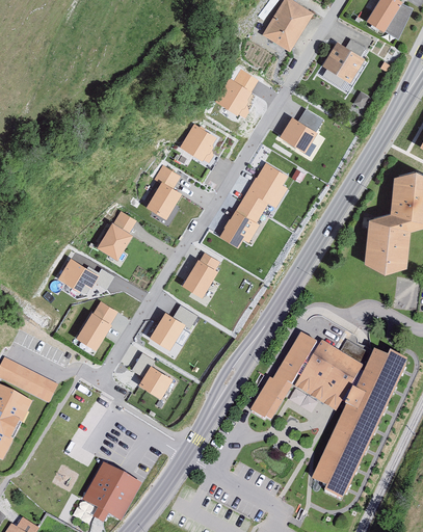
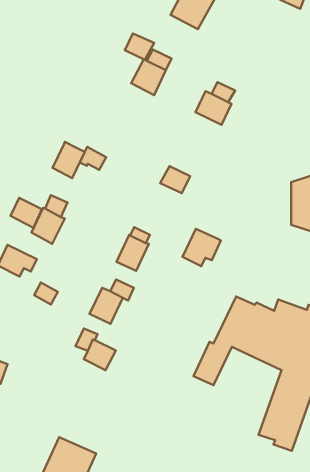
building: [322,41,365,82] -> none
building: none -> [125,33,154,60]
building: [178,123,216,161] -> none
building: [245,162,287,208] -> none
building: [144,181,180,219] -> [52,142,85,178]
building: [217,208,259,247] -> [183,229,221,266]
building: none -> [11,198,42,228]
building: [74,312,110,350] -> none

